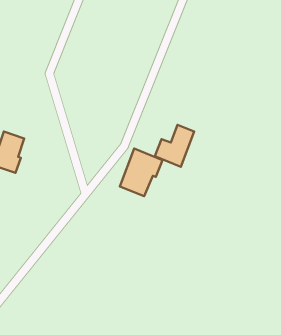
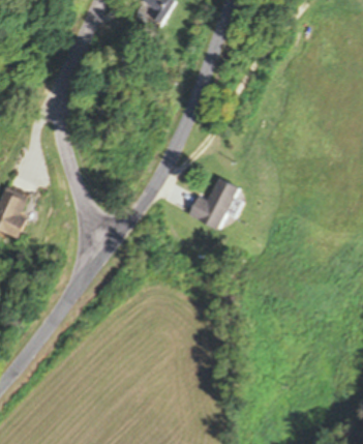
building: [120,148,163,196] -> none

